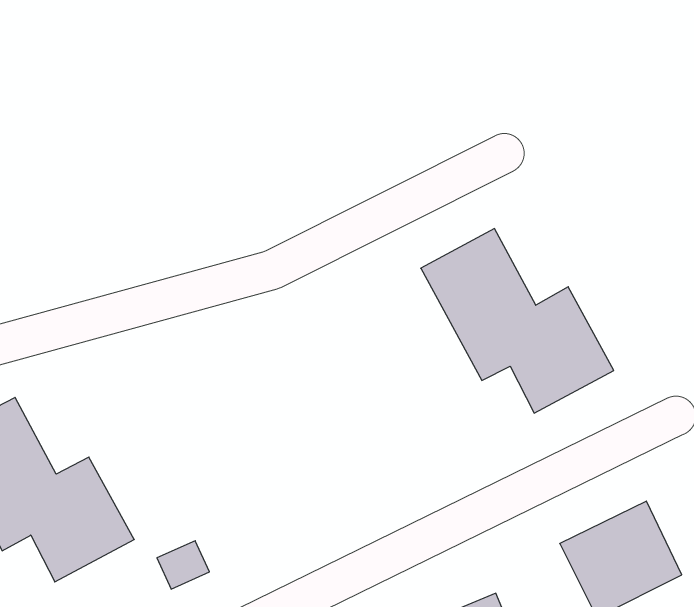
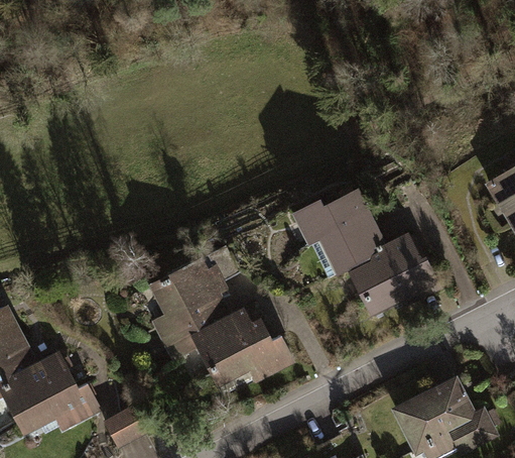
building: none -> [150,259,286,389]

